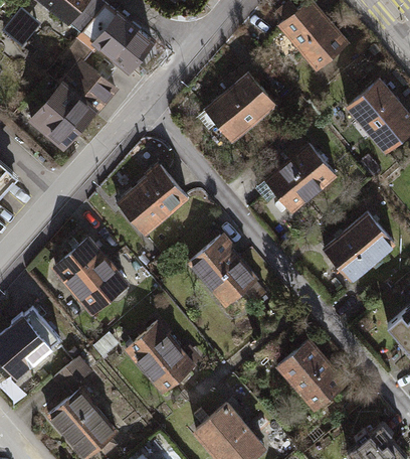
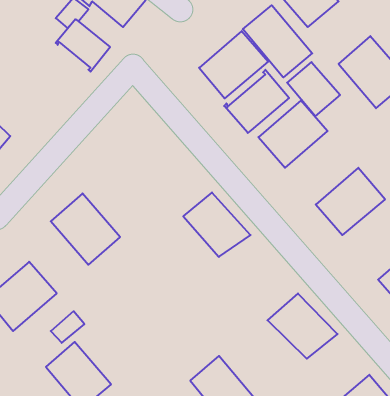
building: none -> [243,5,312,77]
building: [31,85,94,145] -> none
building: none -> [287,62,340,116]
building: none -> [224,70,289,133]
building: [116,166,188,237] -> none
building: [127,321,193,390] -> none

